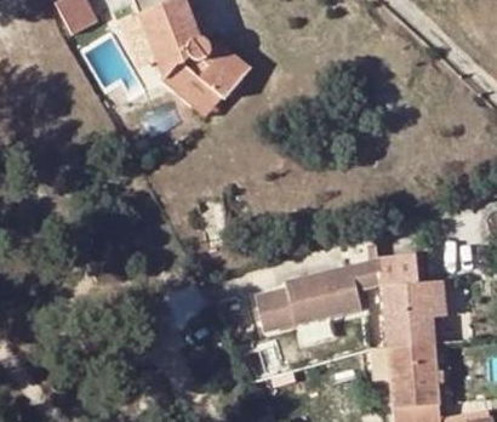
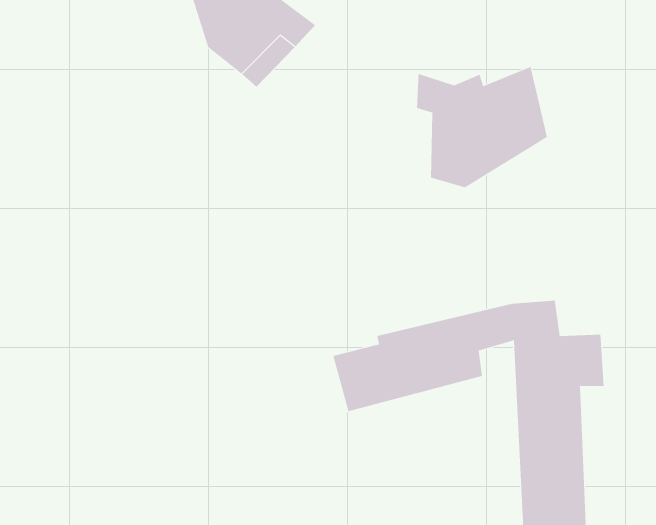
building: none -> [416,66,548,188]

